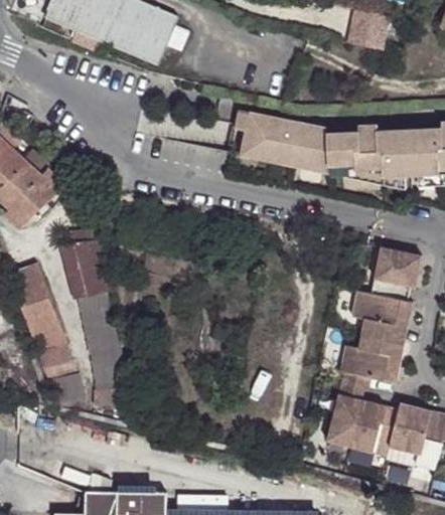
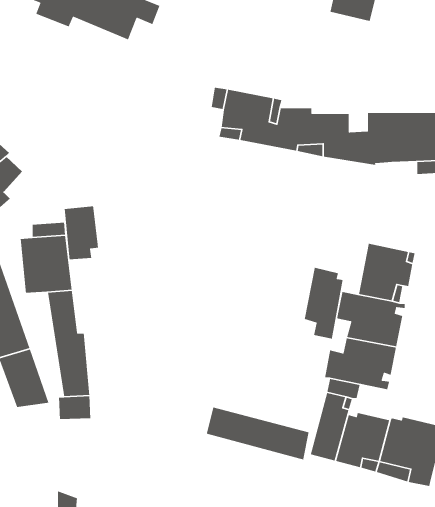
building: none -> [64,206,99,260]
building: none -> [304,267,344,339]
building: none -> [206,406,310,461]

